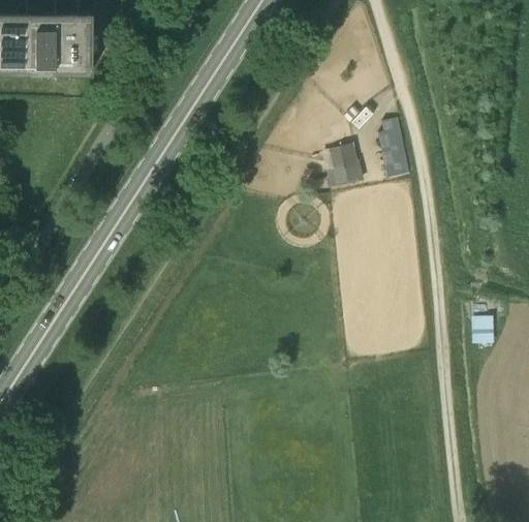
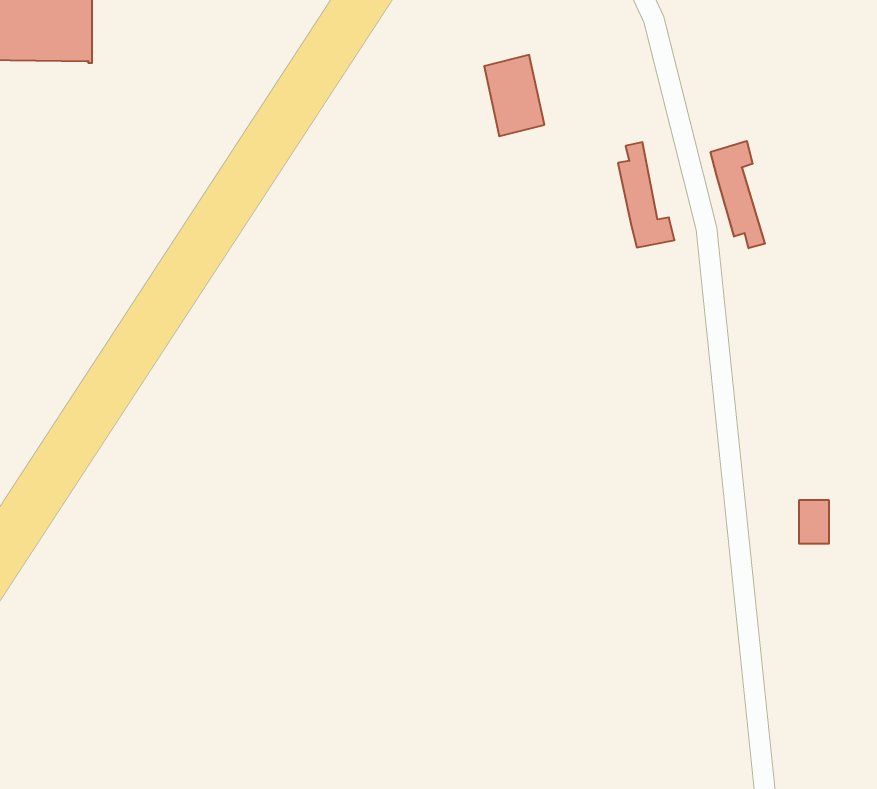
building: none -> [711,141,765,248]
building: [329,140,362,184] -> [484,55,544,136]

